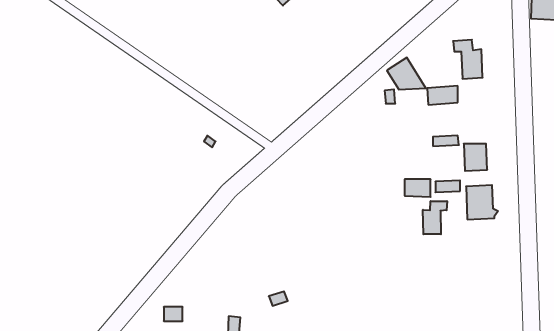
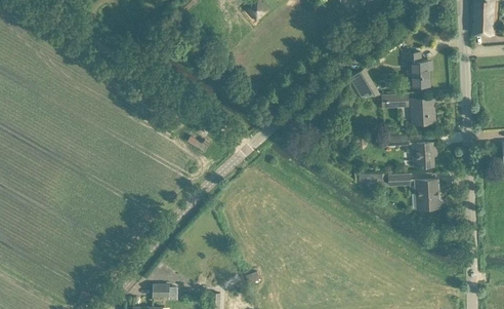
building: none -> [412,99,435,124]
building: [423,201,447,234] -> none

